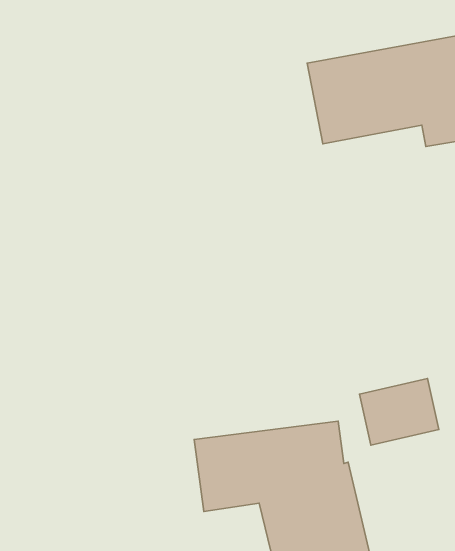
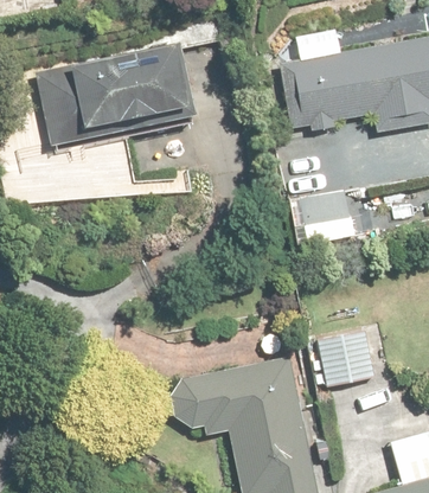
building: none -> [24,38,192,145]

